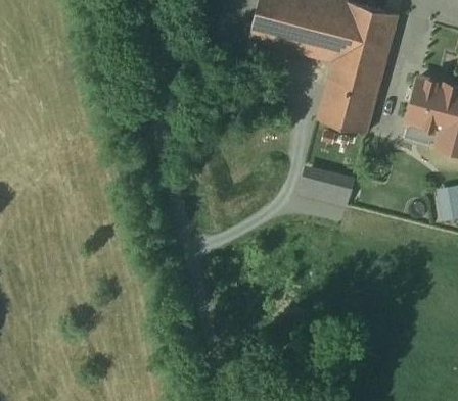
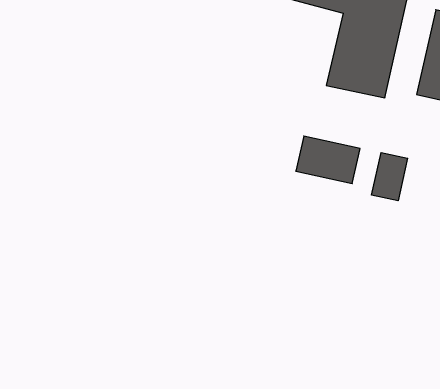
building: none -> [372,153,408,201]

